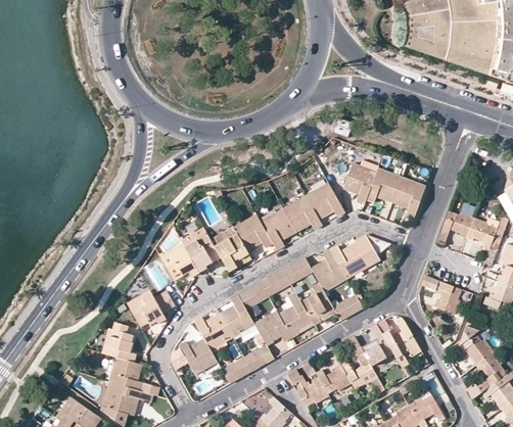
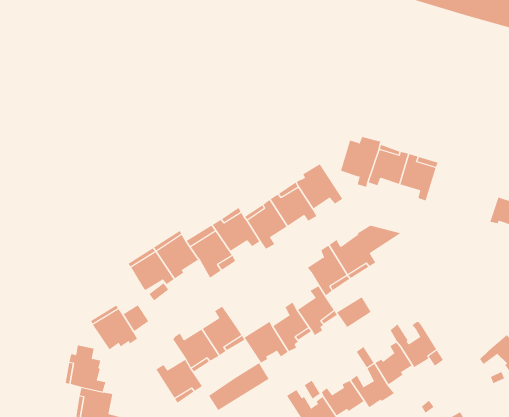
building: [438,210,474,244] -> none
building: [238,256,314,309] -> none
building: [421,276,461,314] -> none

